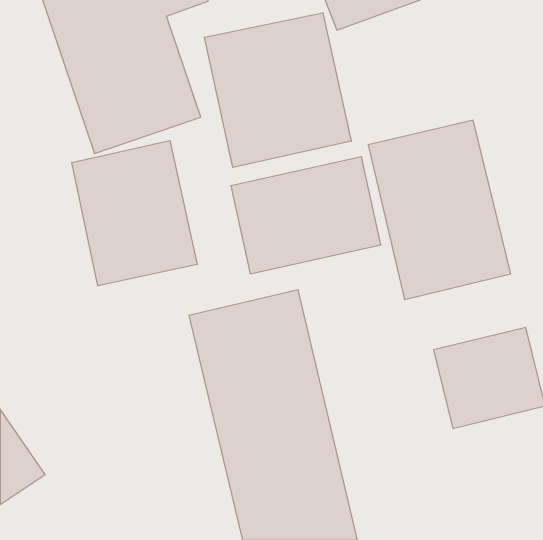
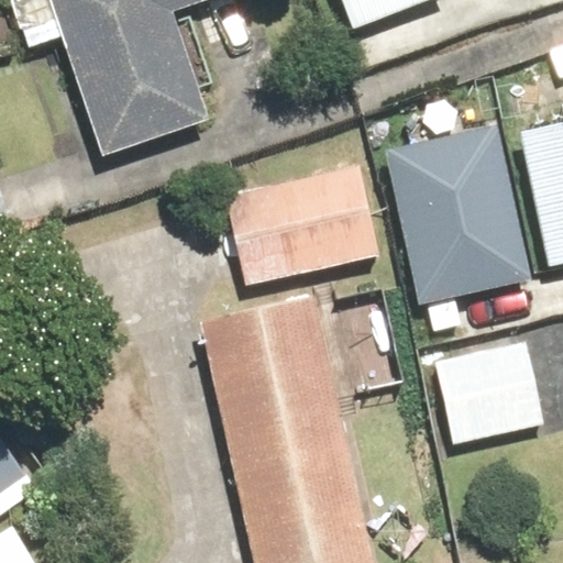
building: [204,13,351,167] -> none
building: [72,141,197,286] -> none

